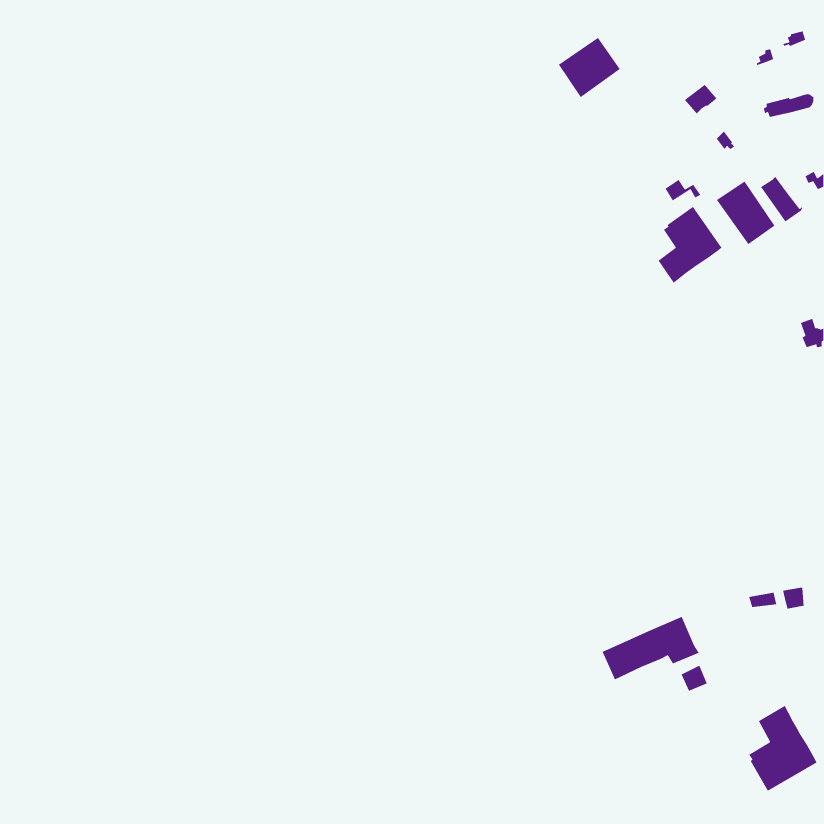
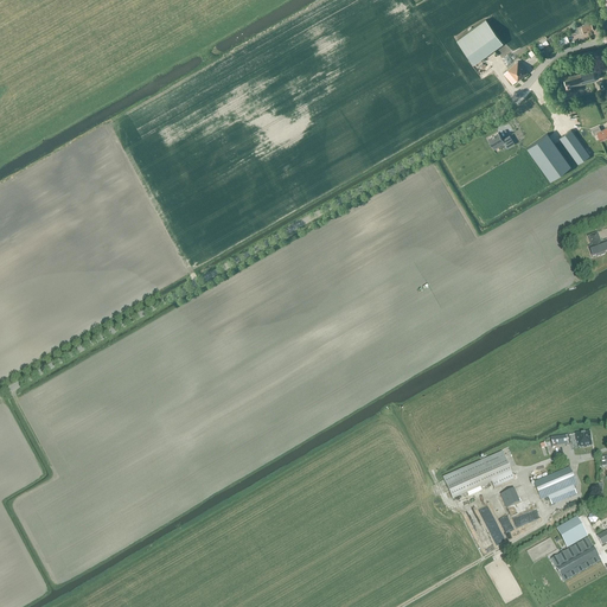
building: [558,37,621,98] -> [456,18,503,63]
building: [657,206,723,284] -> none
building: none -> [533,467,577,506]

